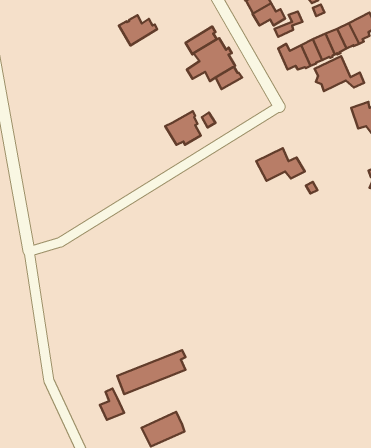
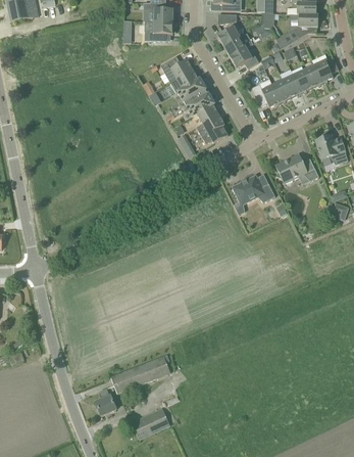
building: [119,15,157,45] -> [160,55,194,82]
building: [315,56,364,91] -> [275,152,319,183]
building: [165,111,201,145] -> [196,112,227,142]

